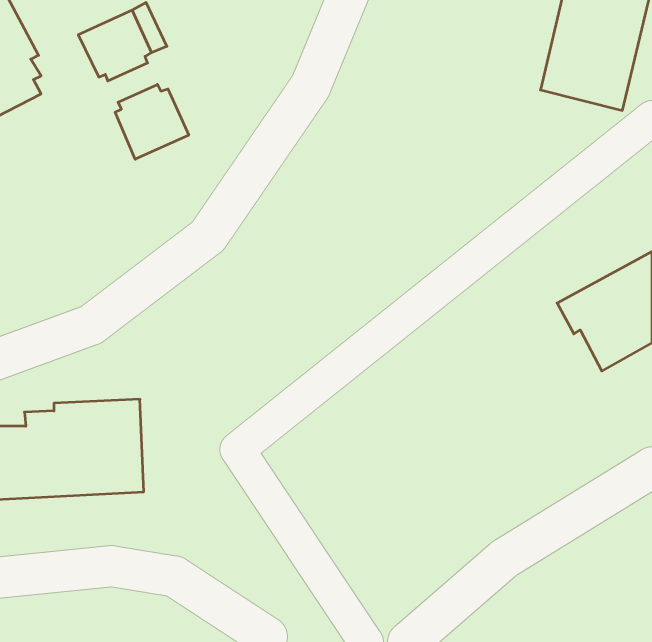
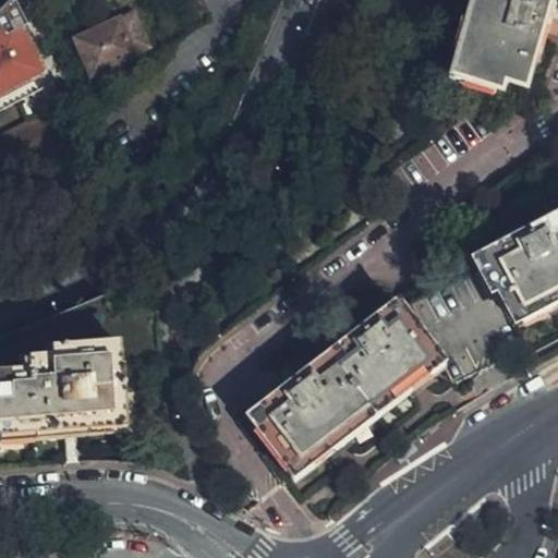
building: [115,84,189,159] -> none
building: none -> [250,299,438,465]

